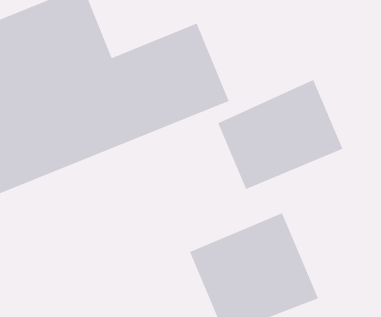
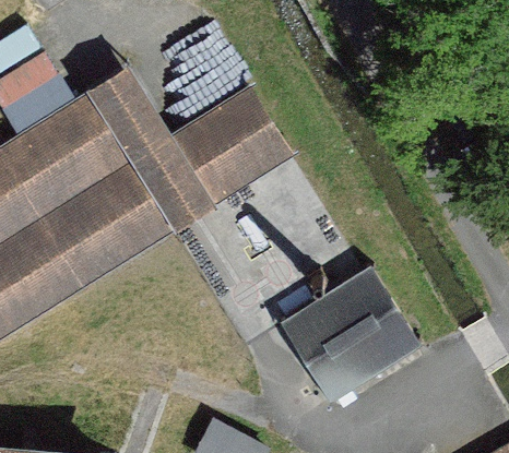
building: [217,79,343,190] -> none

